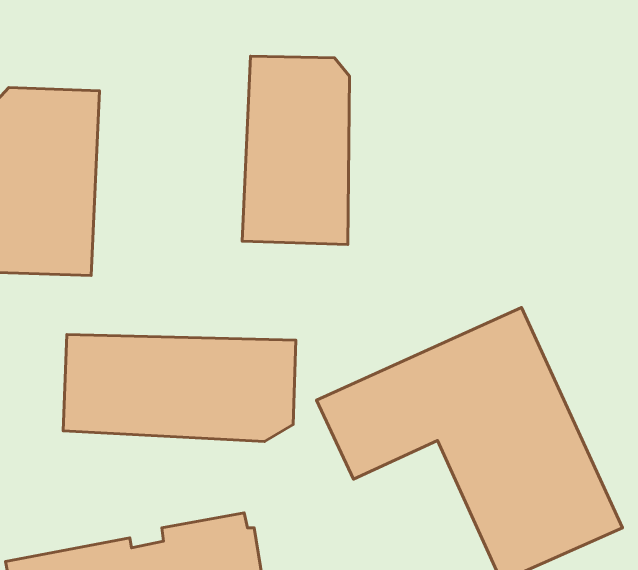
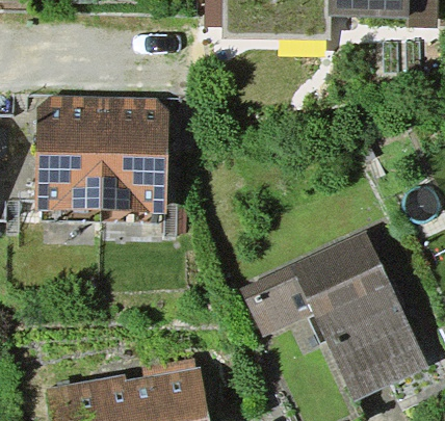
building: [242,56,350,244] -> [100,97,166,213]
building: [63,335,296,441] -> none

